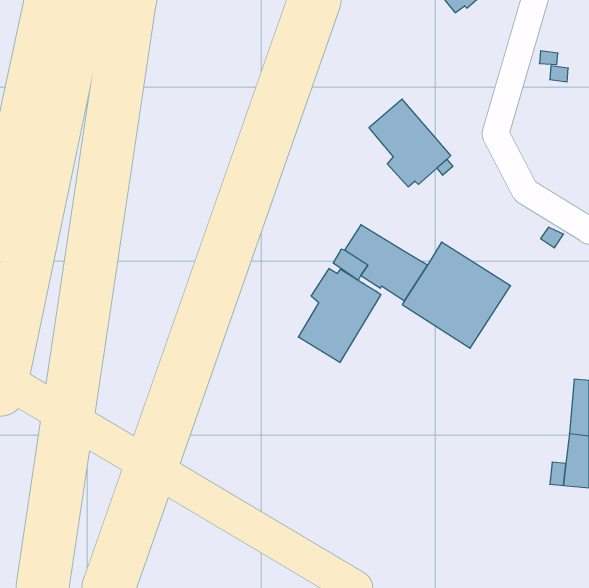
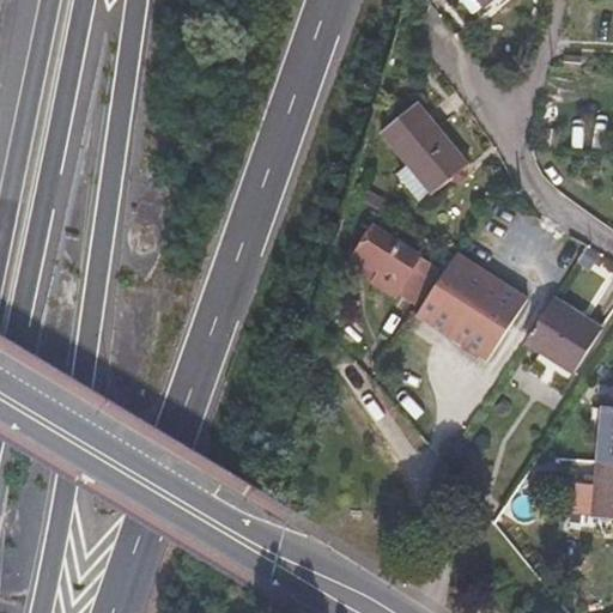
building: [298,268,381,363] -> none
building: none -> [523,297,597,370]

